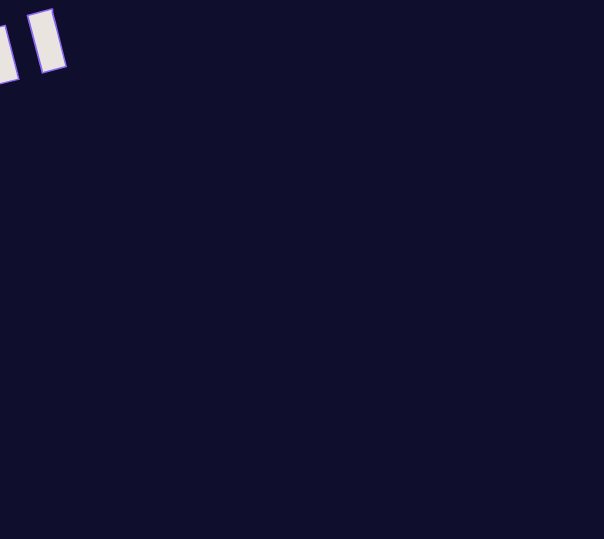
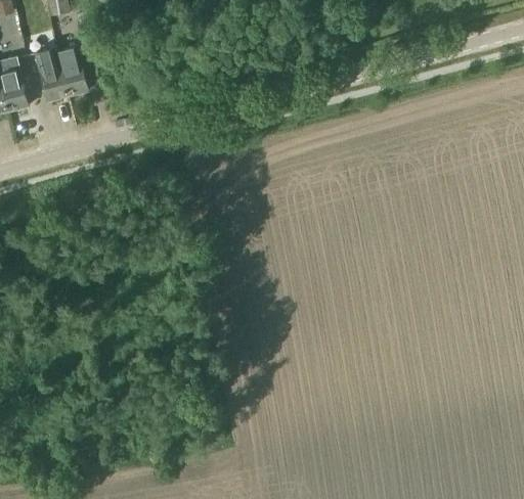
building: none -> [53,45,84,94]

